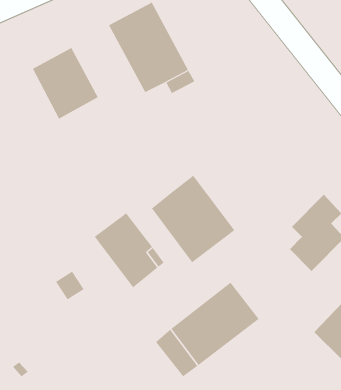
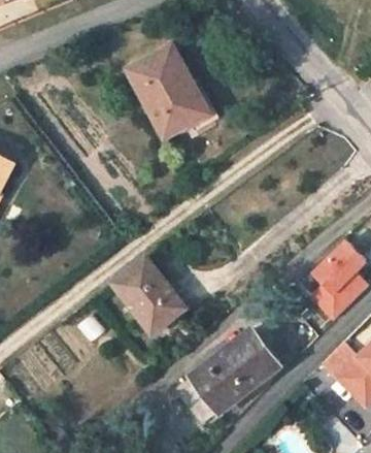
building: [32,47,99,120] -> none
building: [151,175,235,263] -> none

